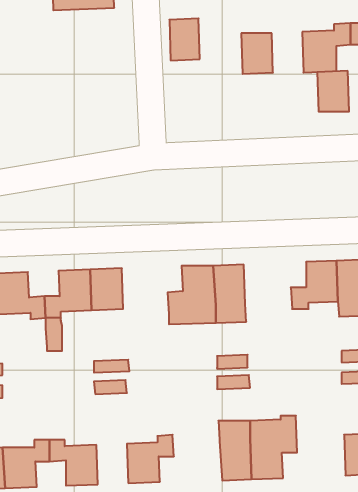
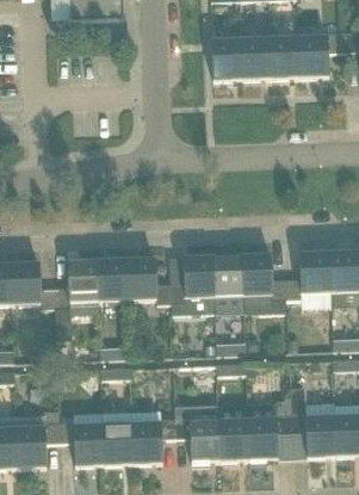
building: [169,18,200,60] -> [211,41,240,80]
building: [317,71,349,112] -> [267,39,297,78]
building: none -> [241,256,286,313]
building: none -> [126,260,171,304]
building: none -> [174,417,221,462]
building: none -> [291,417,336,457]
building: none -> [103,426,132,464]

